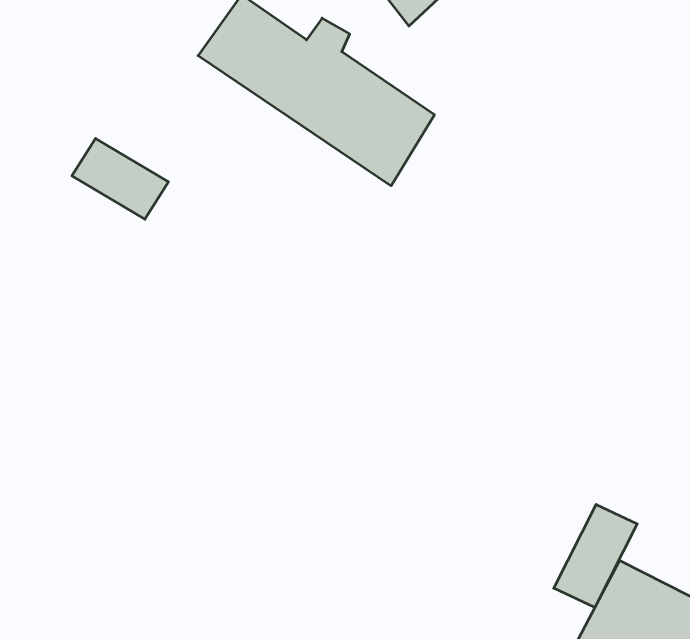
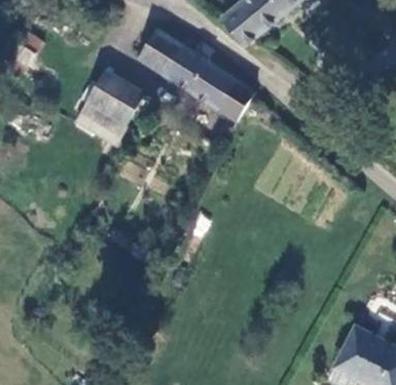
building: none -> [83,71,142,127]
building: [554,504,637,608] -> none

